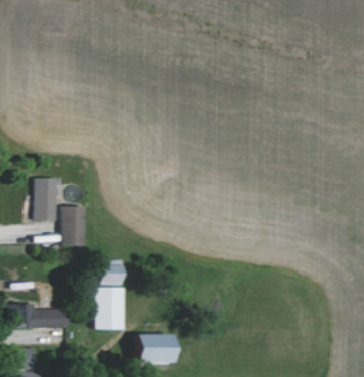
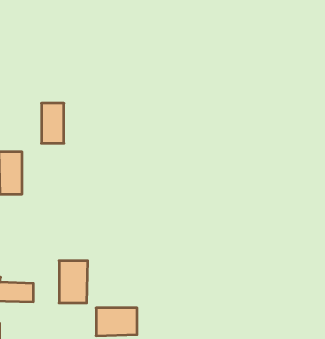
building: [62,206,85,246] -> [41,103,64,143]
building: [101,260,125,286] -> none

